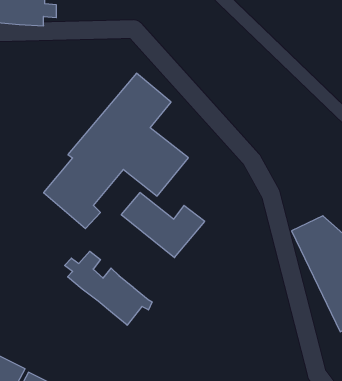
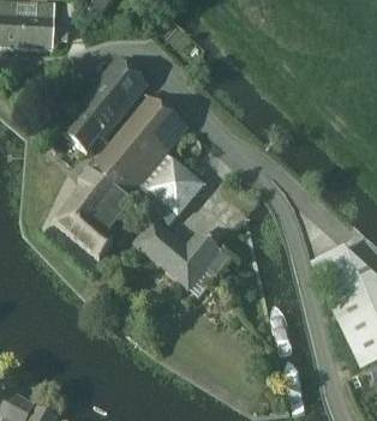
building: none -> [61,61,145,152]
building: [65,251,152,325] -> none

